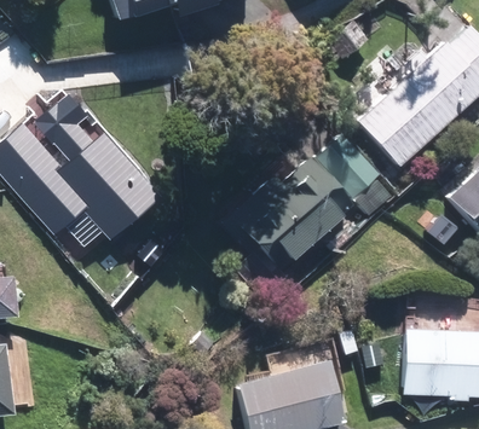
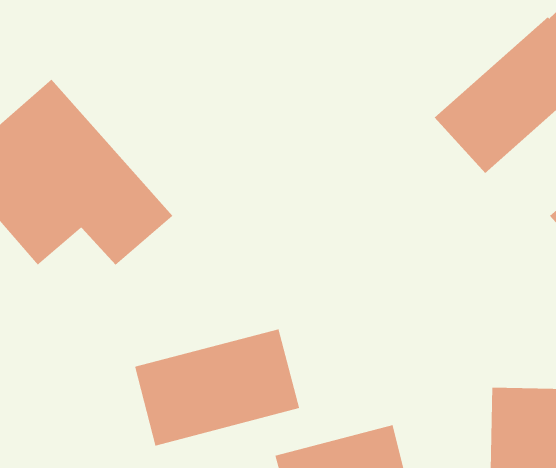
building: [224,133,387,282] -> none
building: none -> [134,328,300,446]

